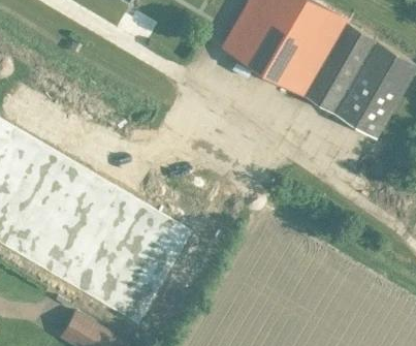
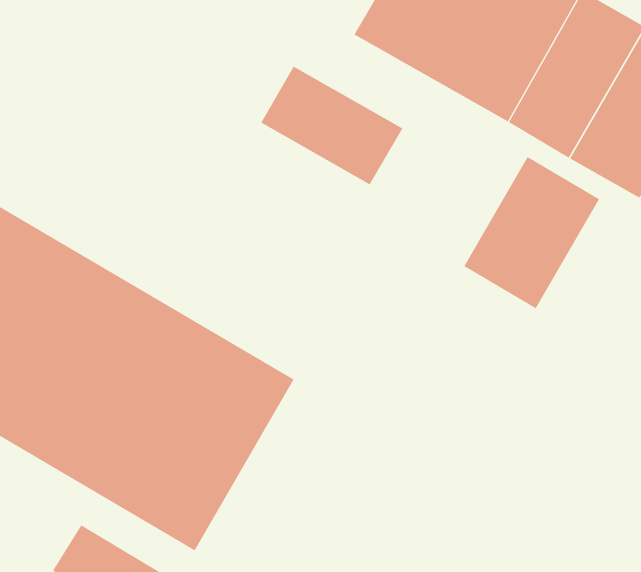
building: none -> [260,66,403,185]
building: none -> [464,156,600,309]

